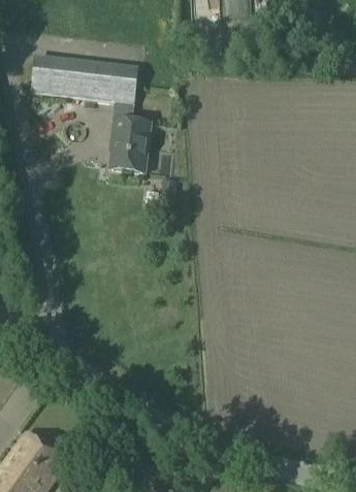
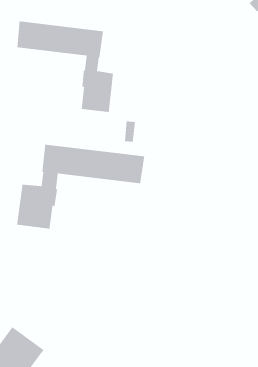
building: none -> [16,144,145,229]

